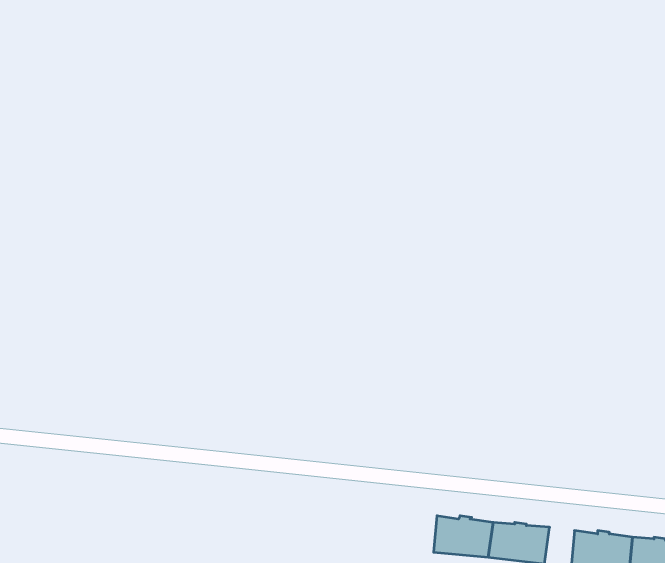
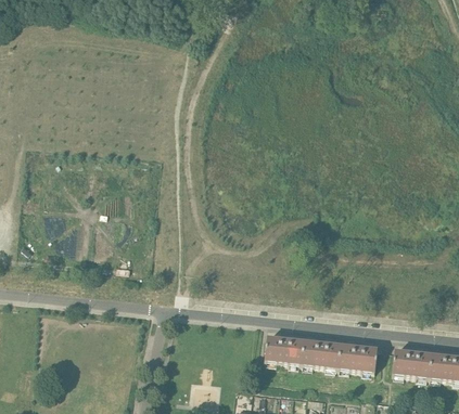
building: none -> [264,339,303,366]

